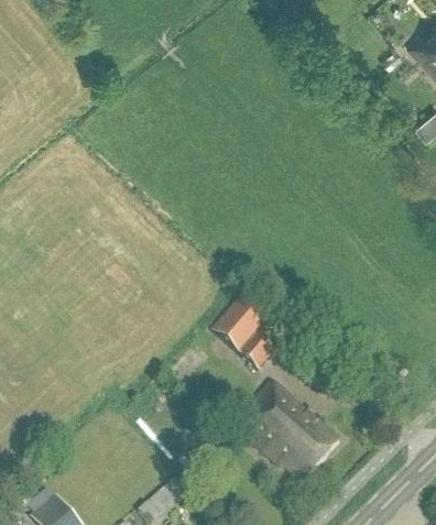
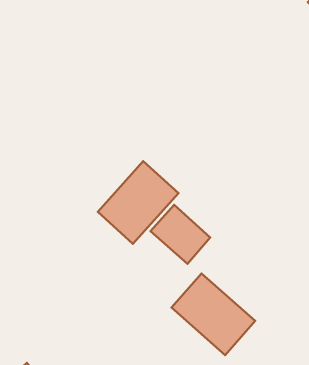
building: none -> [98,161,178,244]

